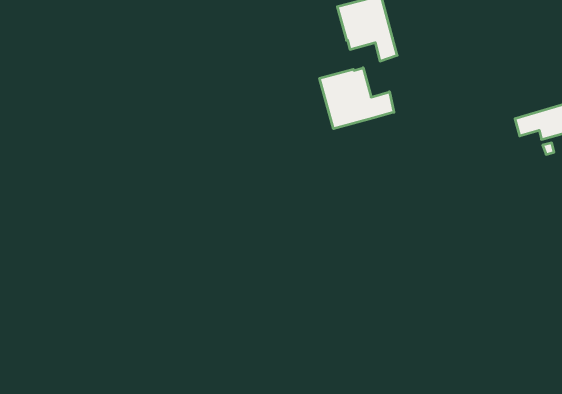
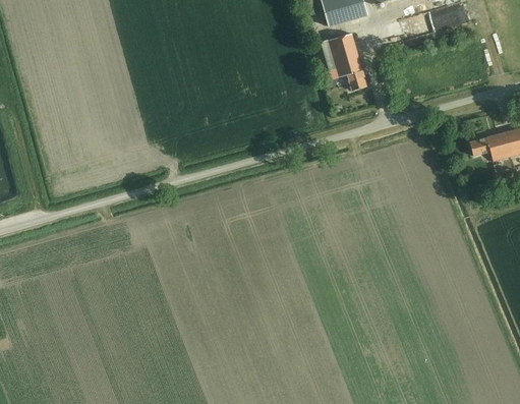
building: [320,68,394,129] -> none

